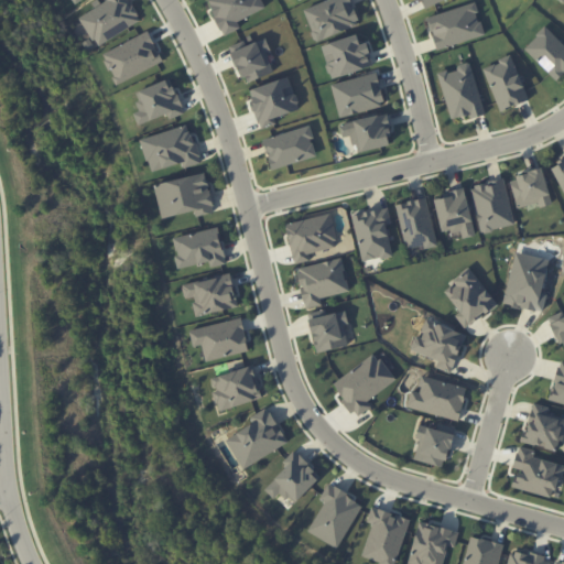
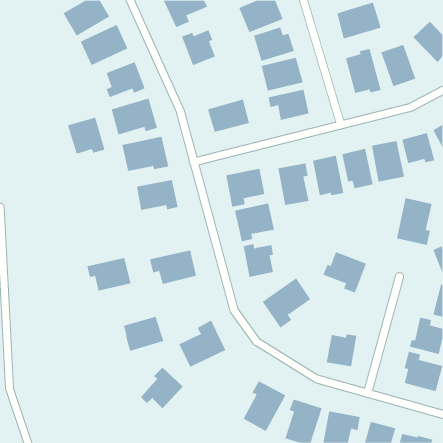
building: [248,77,300,129] -> none
building: none -> [67,117,105,155]
building: [445,267,498,328] -> none
building: [182,273,239,316] -> [87,257,132,291]
building: [212,366,263,411] -> [123,316,164,352]
building: [408,376,467,420] -> none
building: [265,451,321,505] -> [140,367,183,409]

